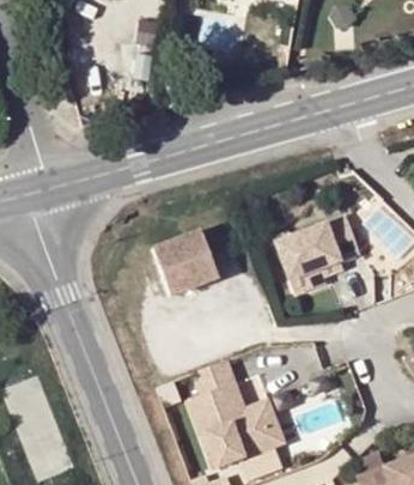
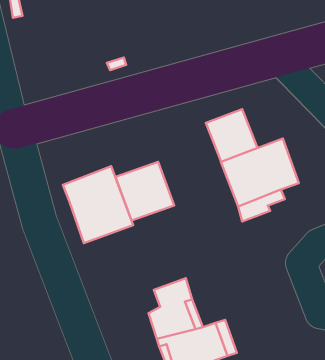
building: none -> [206,109,257,162]
building: none -> [63,166,133,243]

